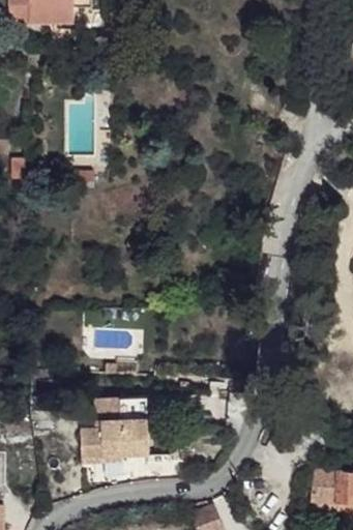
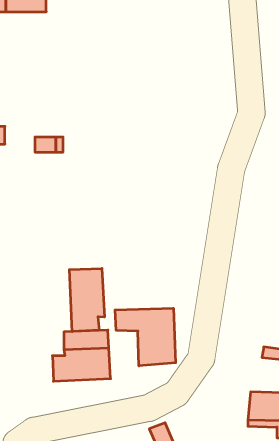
building: none -> [69,268,104,332]
building: none -> [115,308,176,366]

